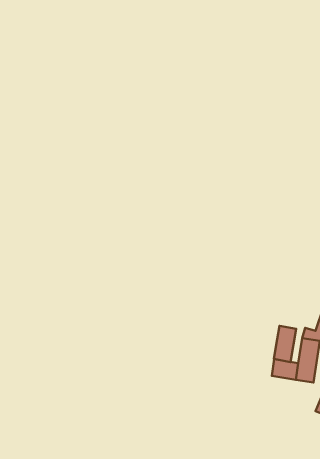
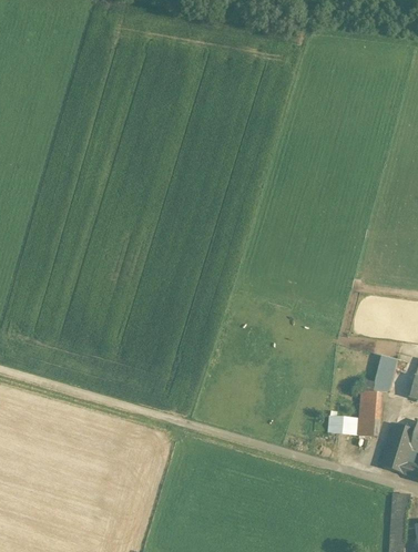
building: [274,326,296,362] -> none

